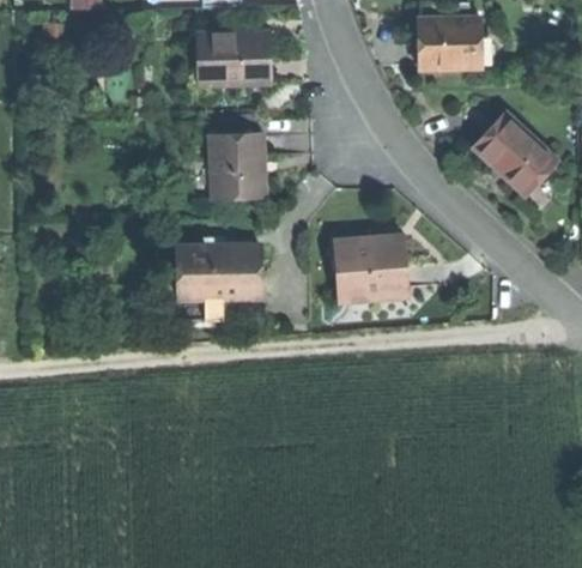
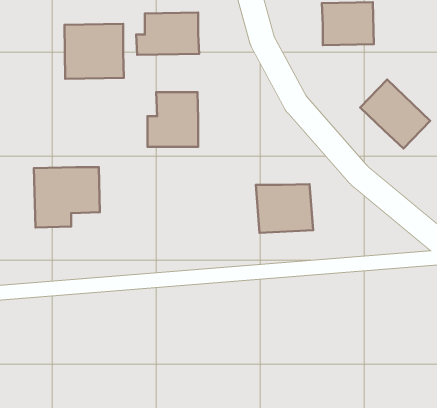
building: none -> [65,24,124,79]
building: [180,247,262,322] -> [34,167,100,228]

